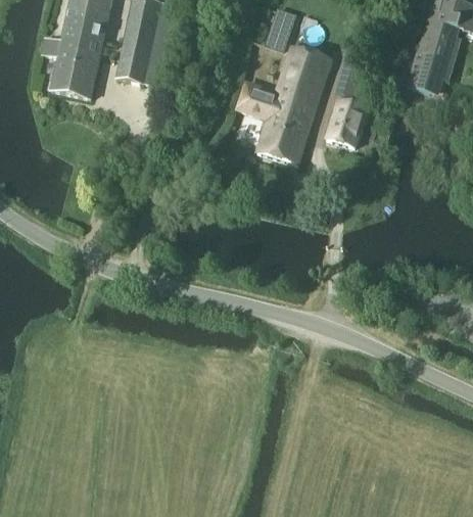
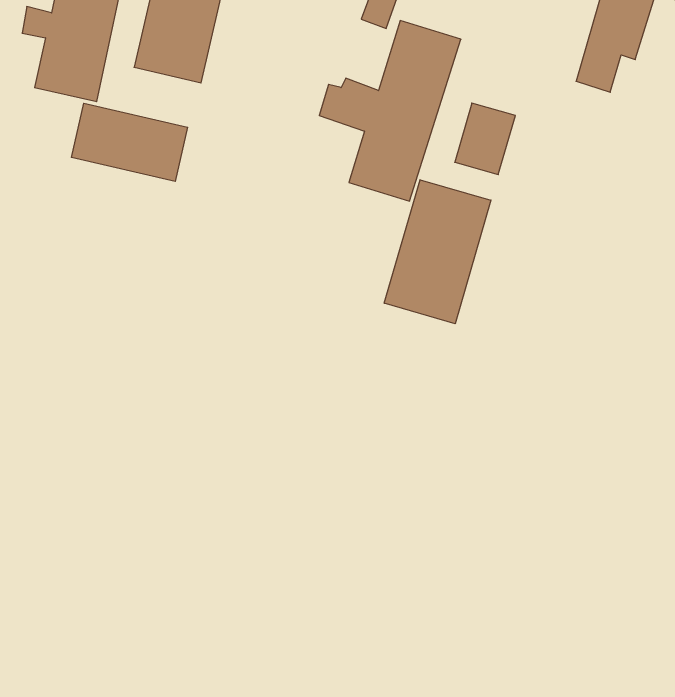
building: none -> [71,103,188,181]
building: none -> [384,180,491,324]

